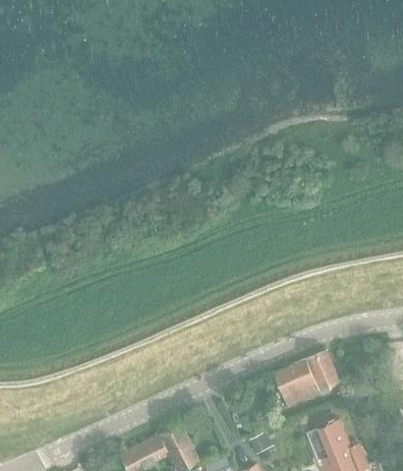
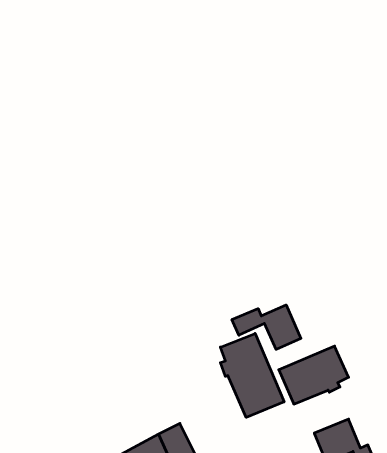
building: none -> [232,305,301,349]
building: none -> [220,333,284,417]

